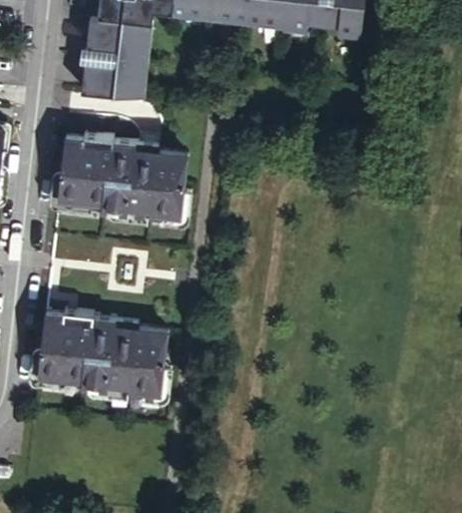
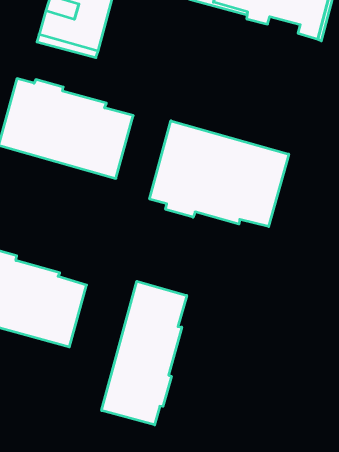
building: none -> [150,121,289,227]
building: none -> [102,281,187,425]

